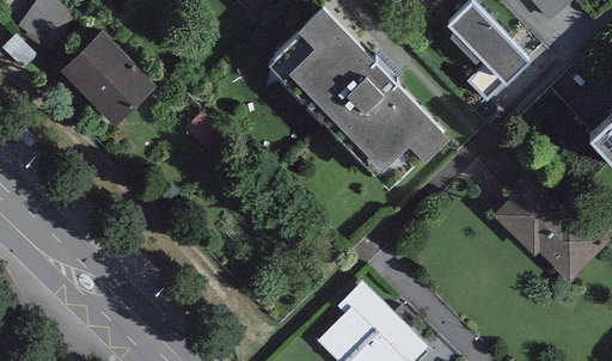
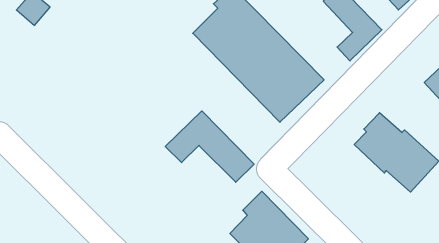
building: [60,29,157,126] -> none
building: none -> [165,111,254,182]

